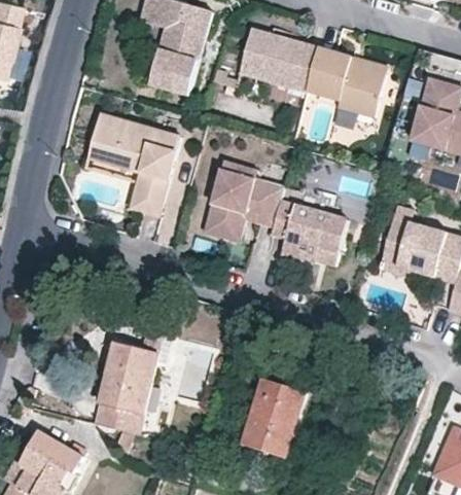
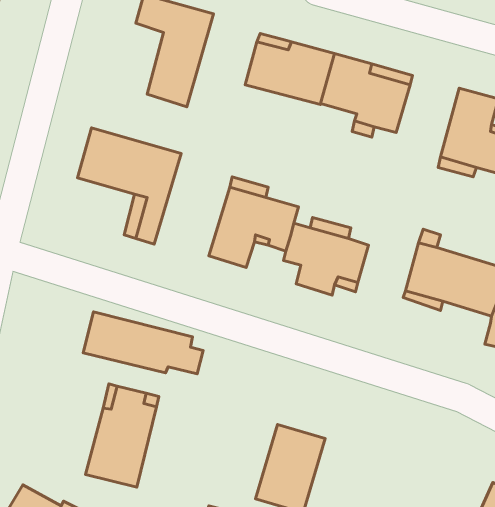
building: none -> [83,312,203,374]

